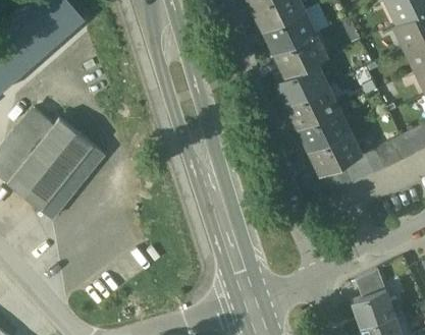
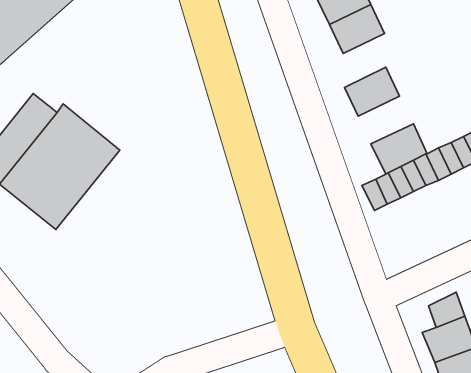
building: [276,64,321,103] -> none
building: [299,110,343,149] -> none

